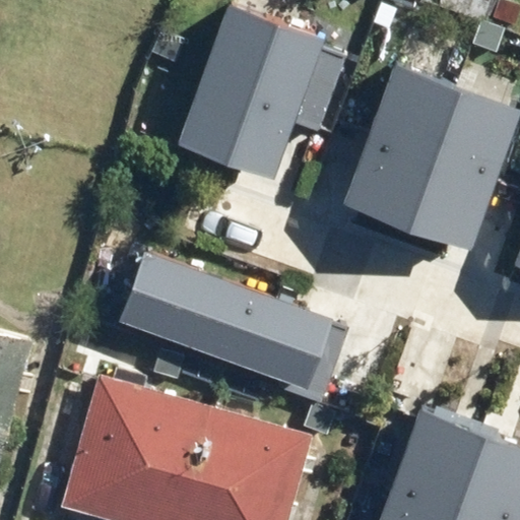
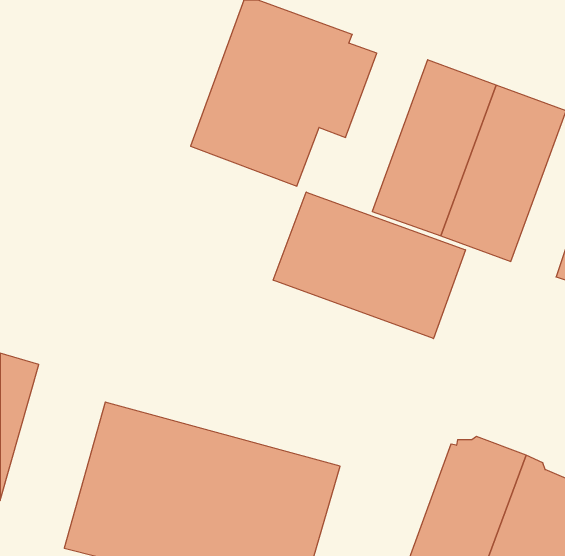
building: none -> [273,192,465,339]
building: [116,250,349,406] -> none

